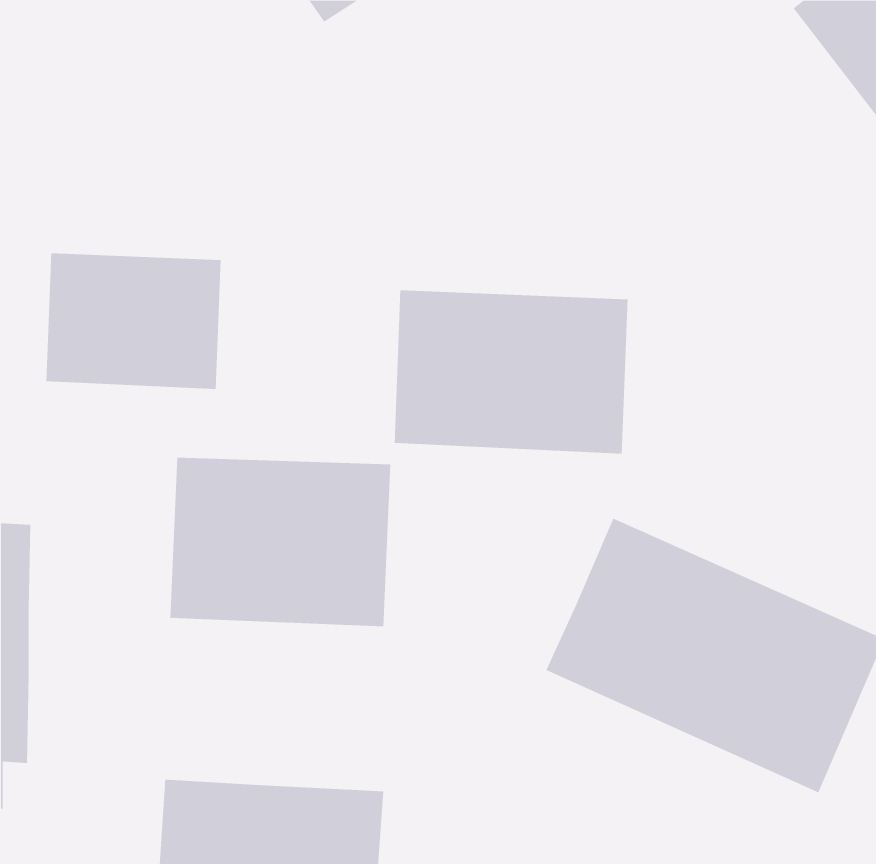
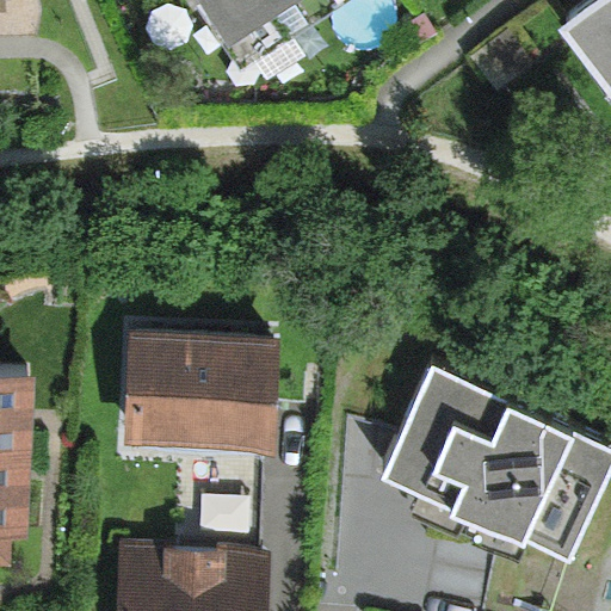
building: [46,252,221,390] -> none
building: [394,290,628,454] -> none

